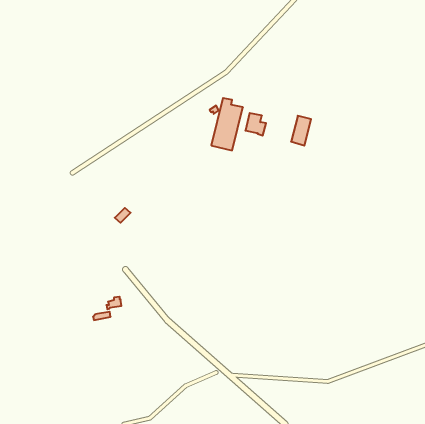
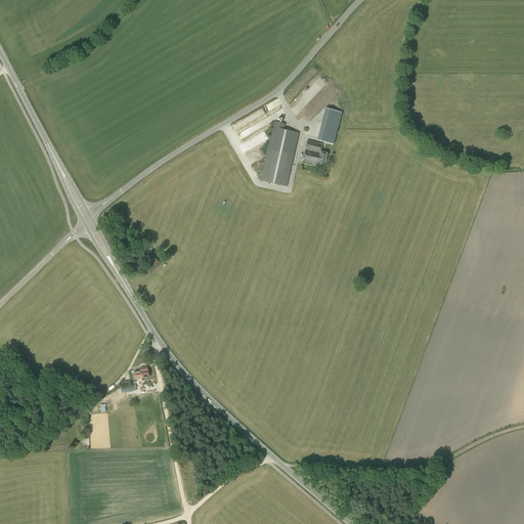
building: [291,116,311,146] -> [317,107,342,144]

